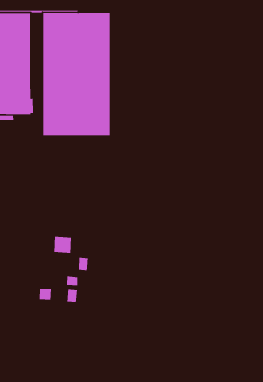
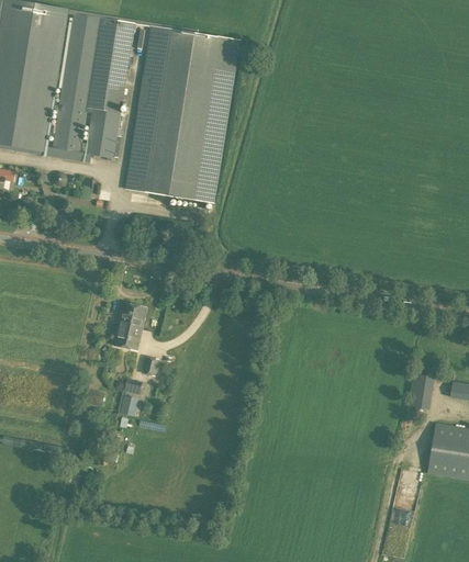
building: none -> [118,302,146,328]

